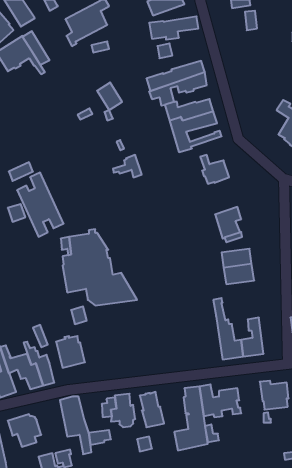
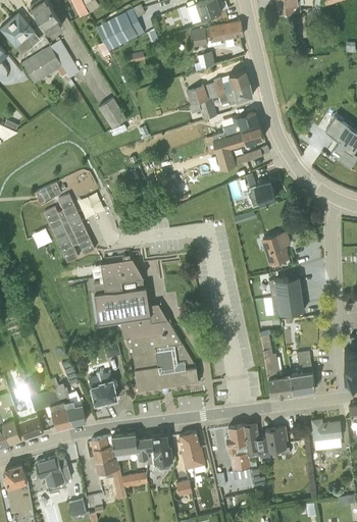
building: [97,82,122,110] -> [99,95,126,125]
building: none -> [130,332,199,396]
building: none -> [111,436,137,463]

